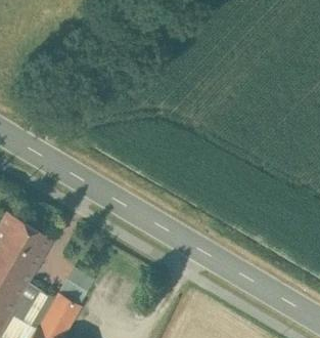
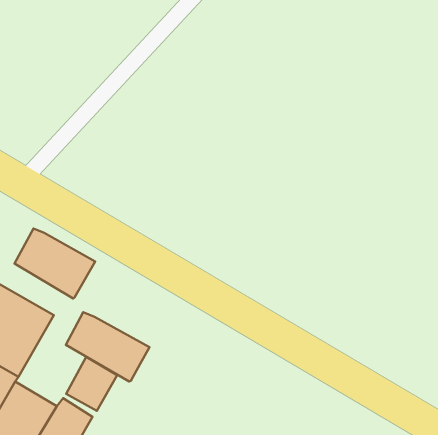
building: none -> [14,228,95,298]
building: none -> [66,312,150,381]

